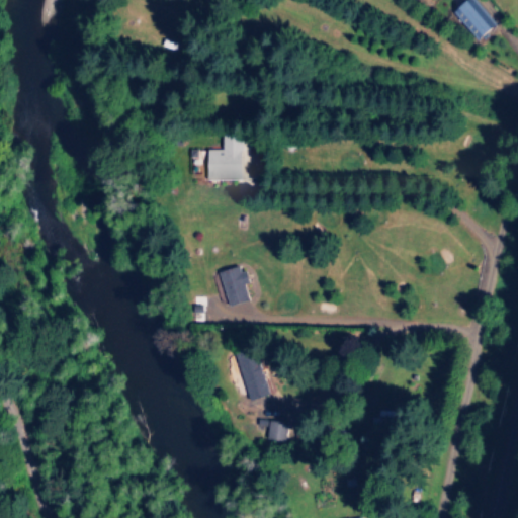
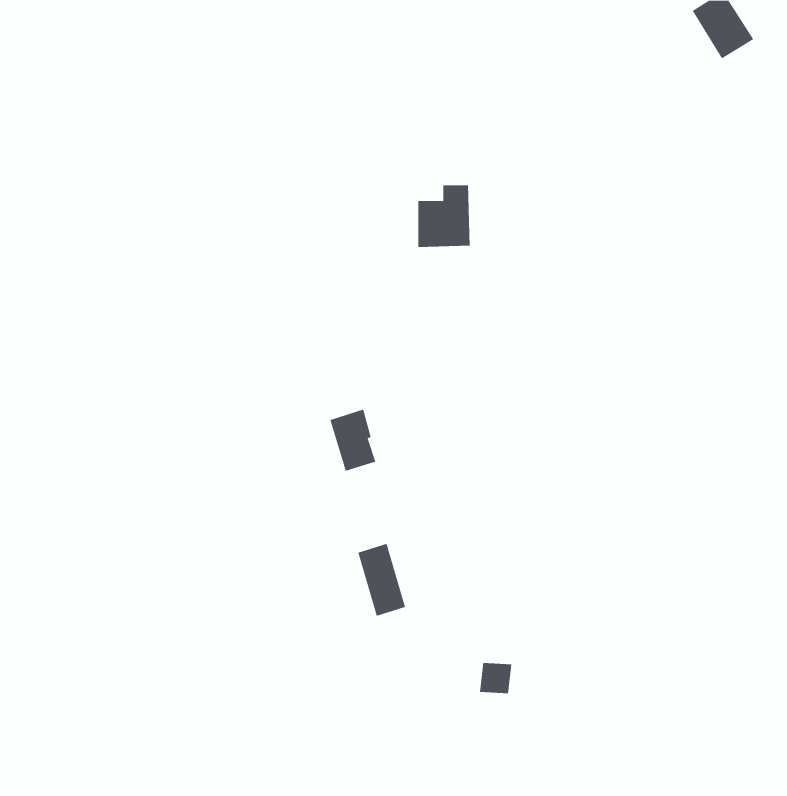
building: [208,140,243,180] -> [417,185,471,247]
building: [269,422,290,442] -> [479,662,512,694]

